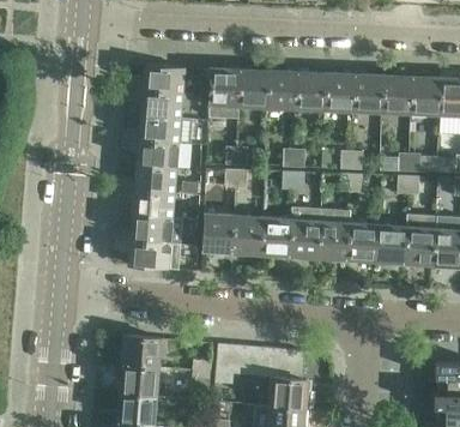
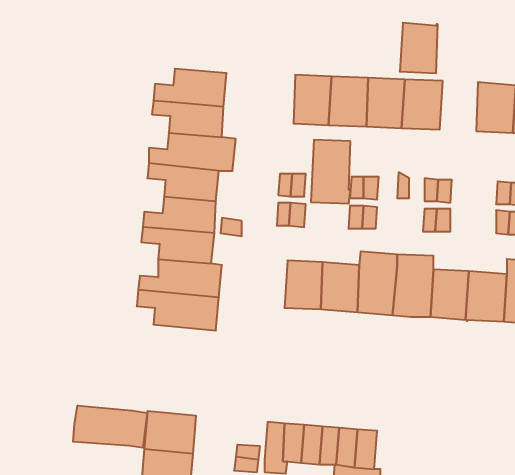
building: [208,67,240,118] -> [311,140,350,204]
building: [353,73,383,113] -> [400,23,438,73]
building: [202,212,234,252] -> none
building: none -> [73,405,147,448]

